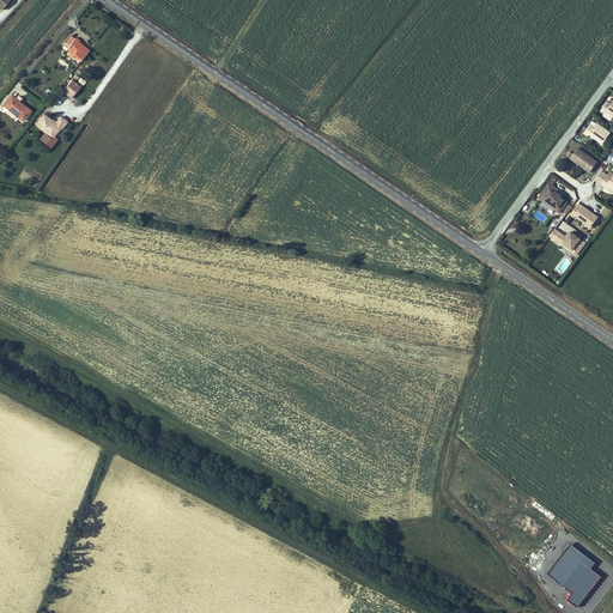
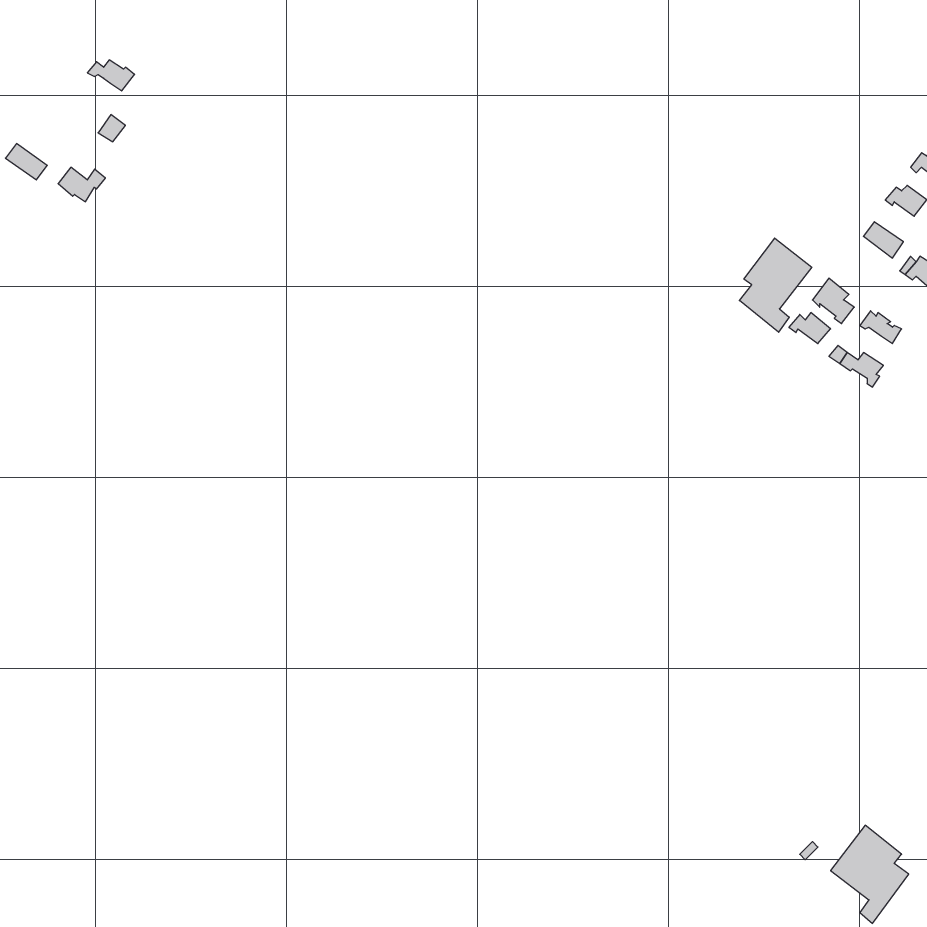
building: none -> [739,238,812,332]

